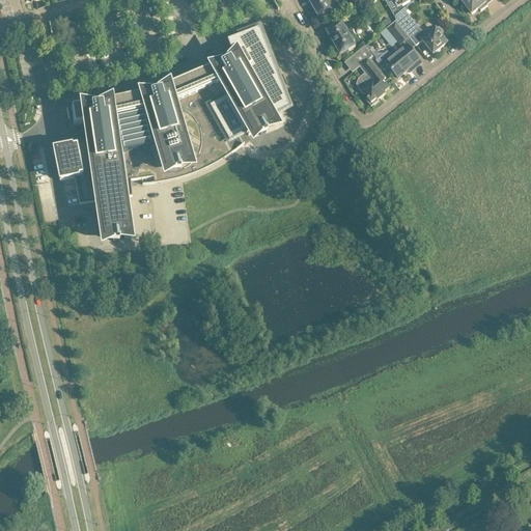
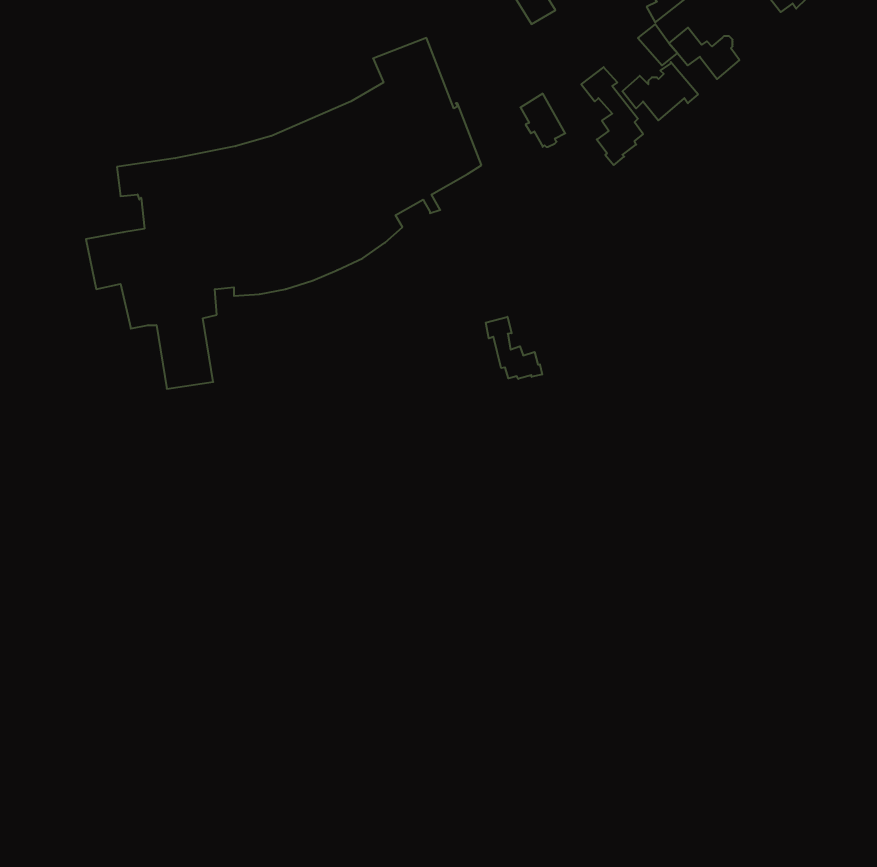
building: [327,17,354,49] -> [520,94,565,147]
building: none -> [486,317,542,379]

